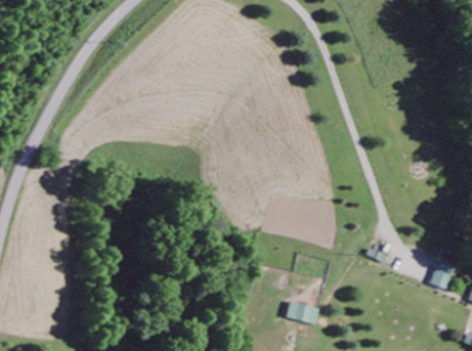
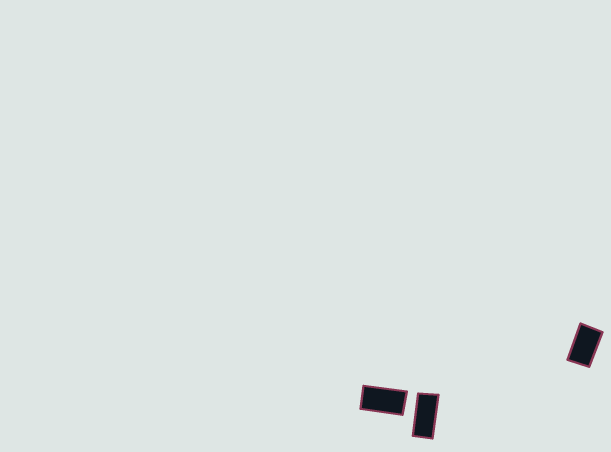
building: none -> [413,393,438,439]

